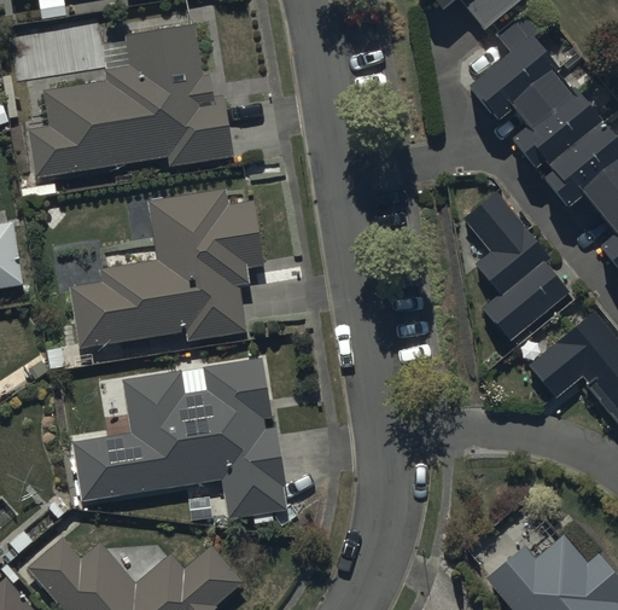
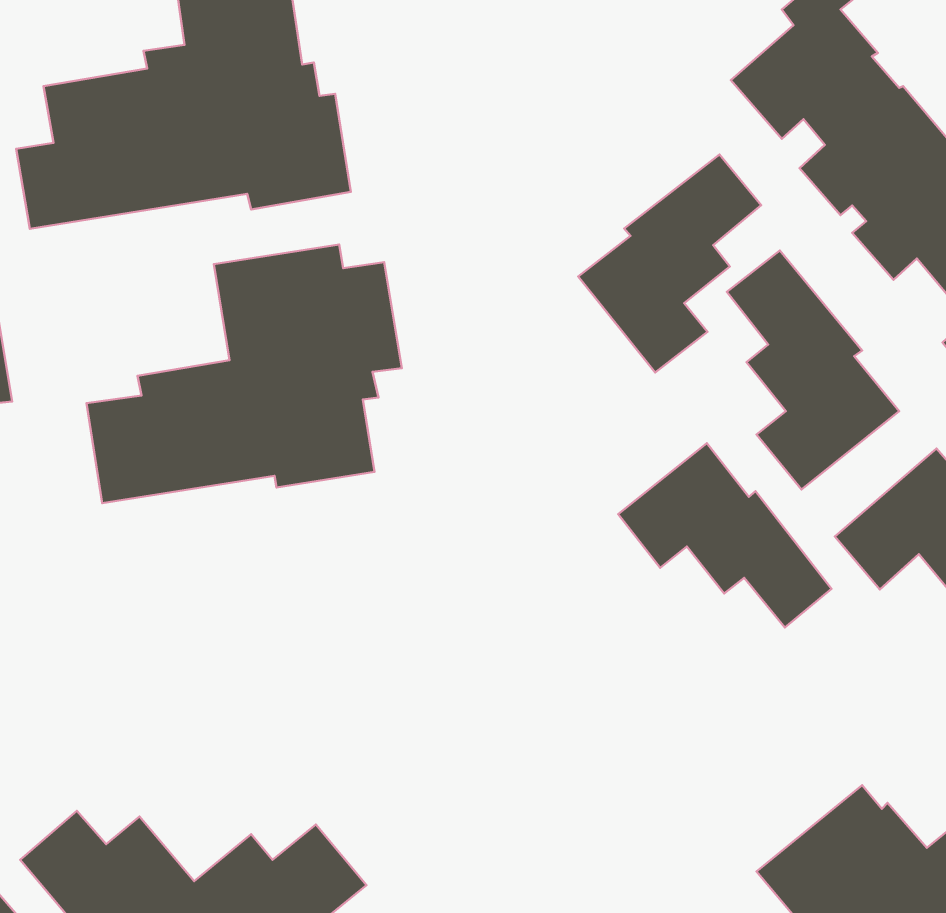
building: none -> [578,154,761,373]
building: none -> [618,443,832,628]
building: [72,356,287,524] -> none

